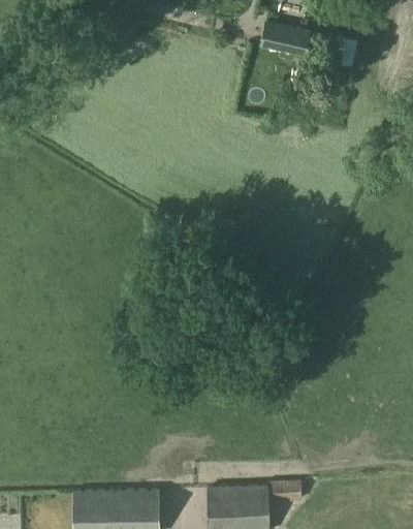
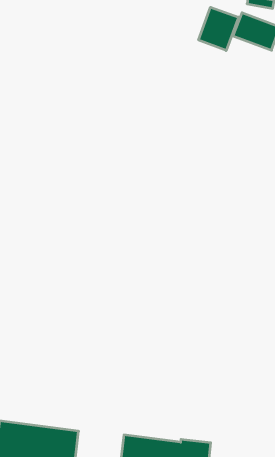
building: none -> [199,7,238,51]

